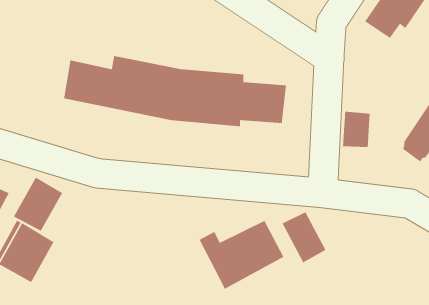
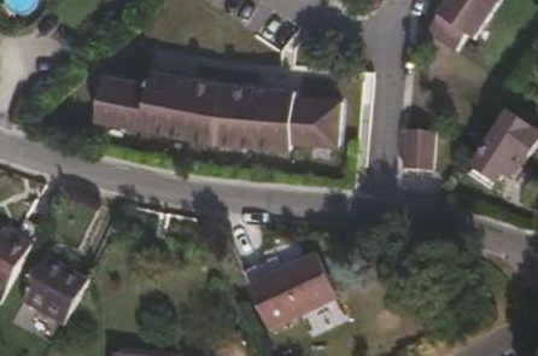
building: [13,177,63,232] -> none
building: [281,211,327,264] -> none

